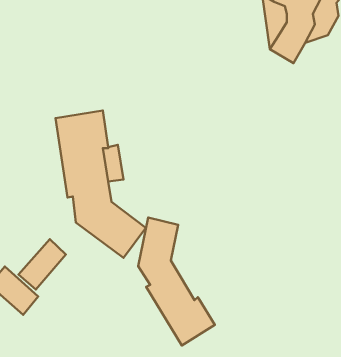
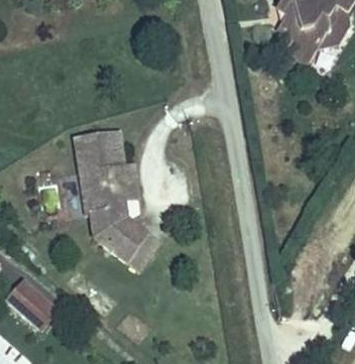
building: [138,217,215,345] -> none
building: [18,239,66,290] -> none

